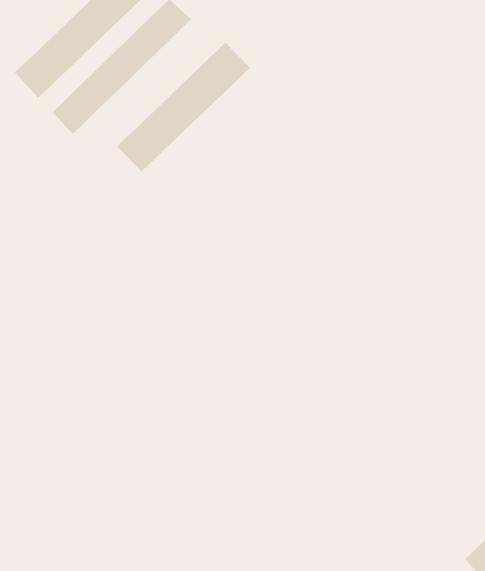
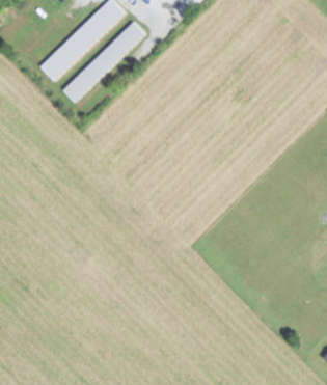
building: [116,42,251,172] -> none

